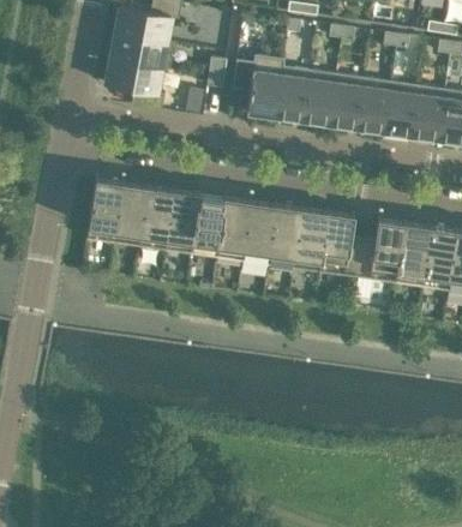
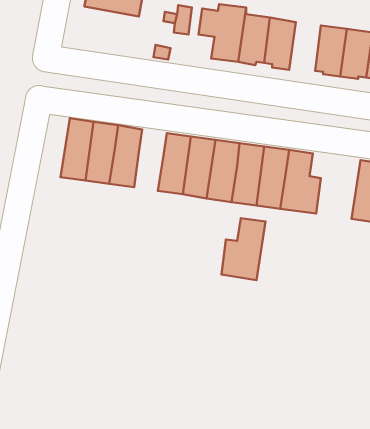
building: [106,56,169,110] -> none
building: [329,74,362,127] -> none
building: [164,188,199,253] -> none
building: [358,217,404,283] -> [221,218,266,280]

